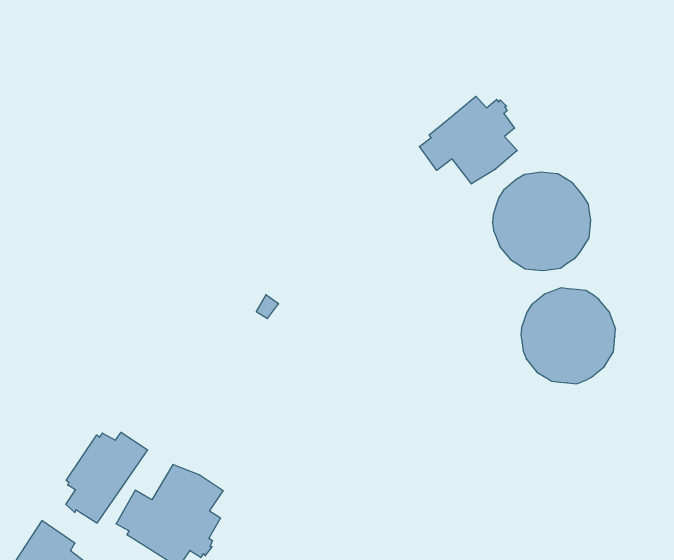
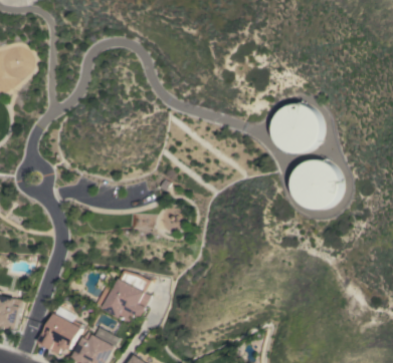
building: [419,96,517,184] -> none
building: [66,432,148,523] -> none

